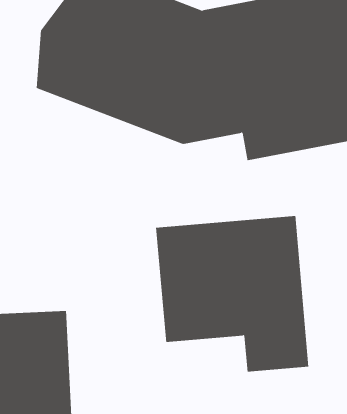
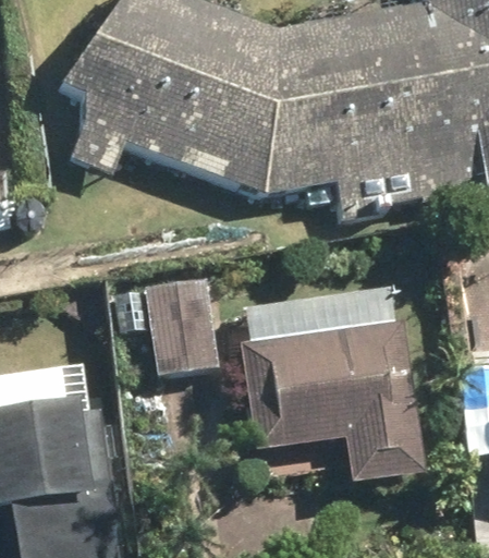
building: none -> [144,272,221,373]

